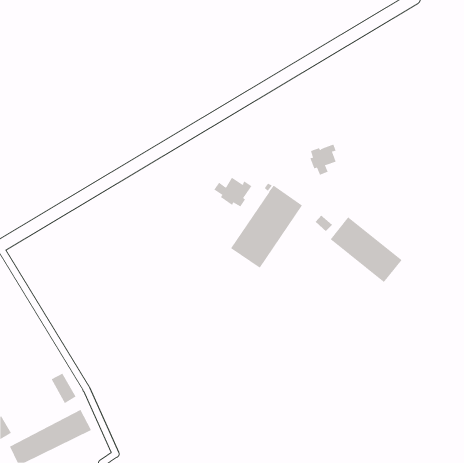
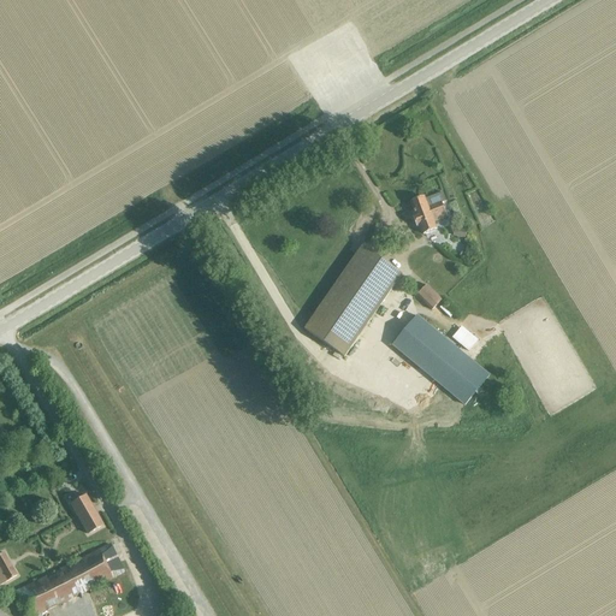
building: [214,177,252,207] -> none
building: [330,216,402,283] -> [392,314,488,402]

